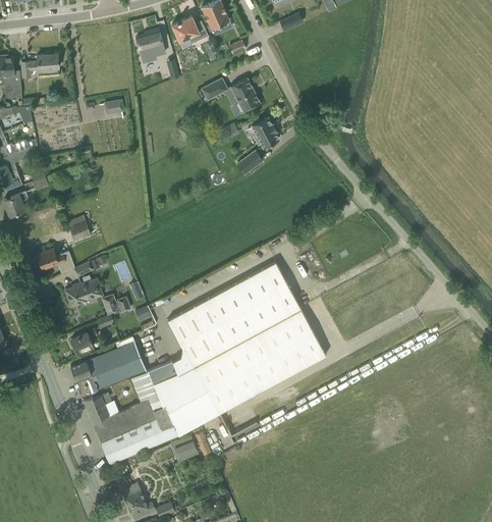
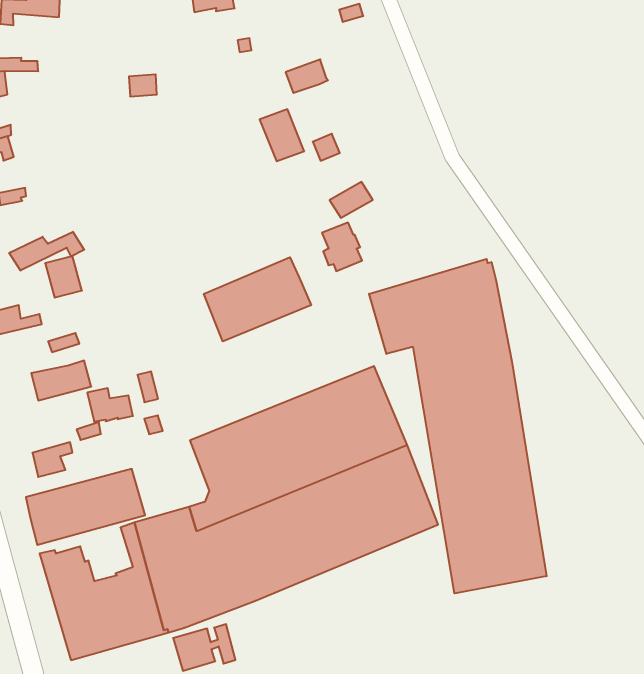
building: [230,80,260,112] -> [260,109,304,161]
building: [252,118,278,149] -> [322,223,362,271]
building: none -> [369,259,547,593]
building: none -> [9,232,84,271]
building: none -> [204,257,311,341]

